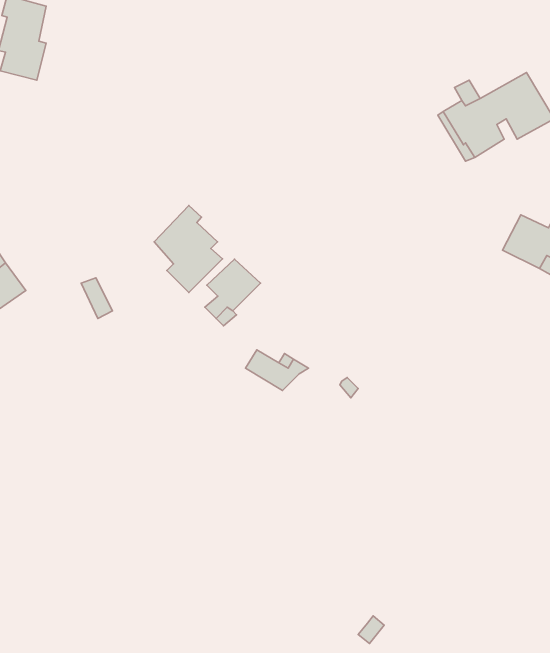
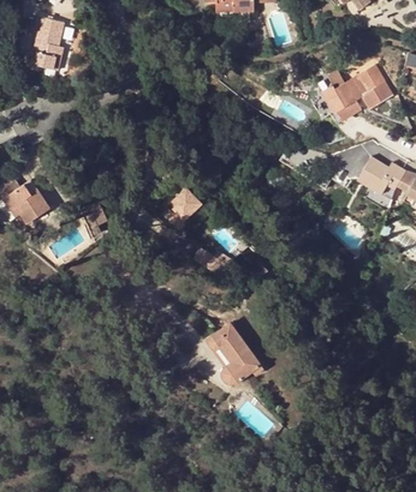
building: [154,205,223,293] -> none
building: none -> [208,323,262,383]

